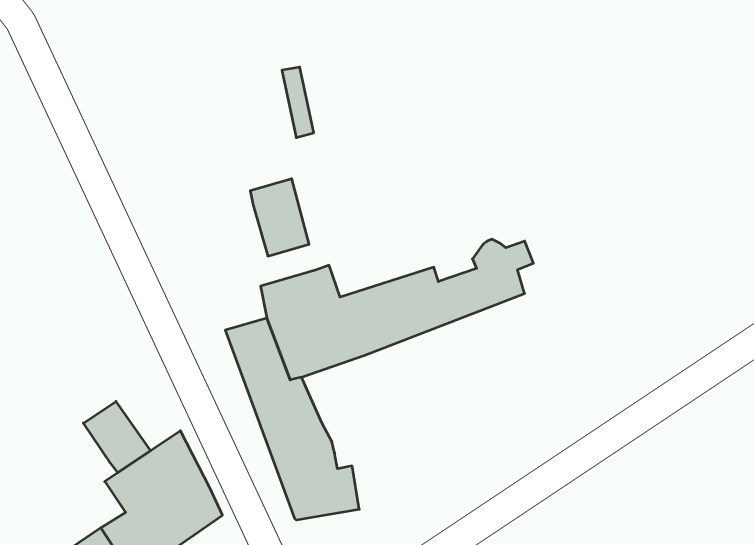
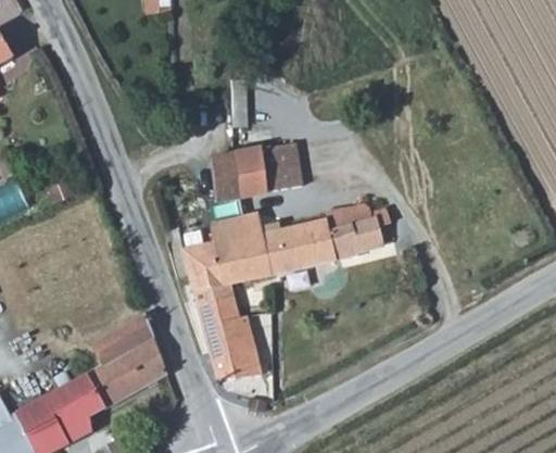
building: none -> [235,141,300,197]
building: [83,401,151,473] -> none

